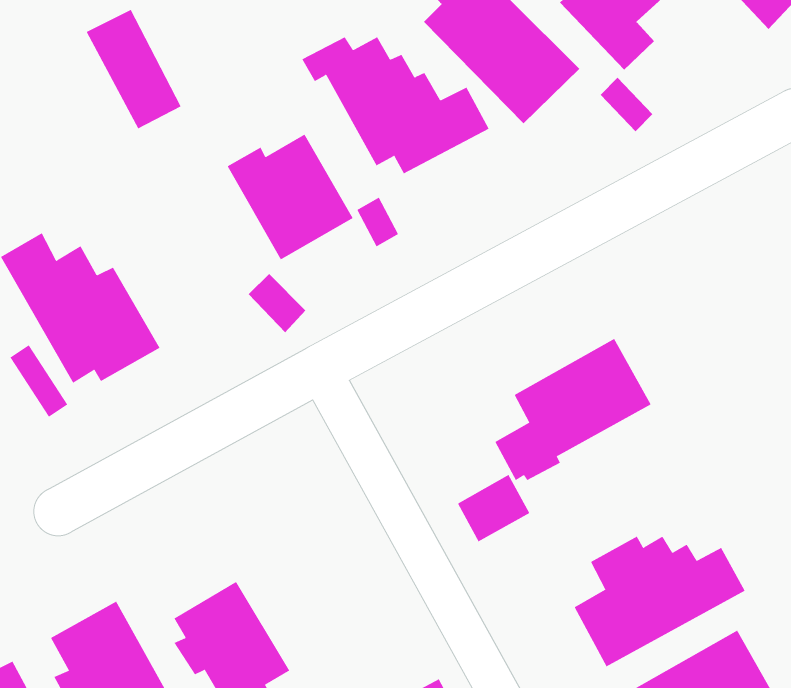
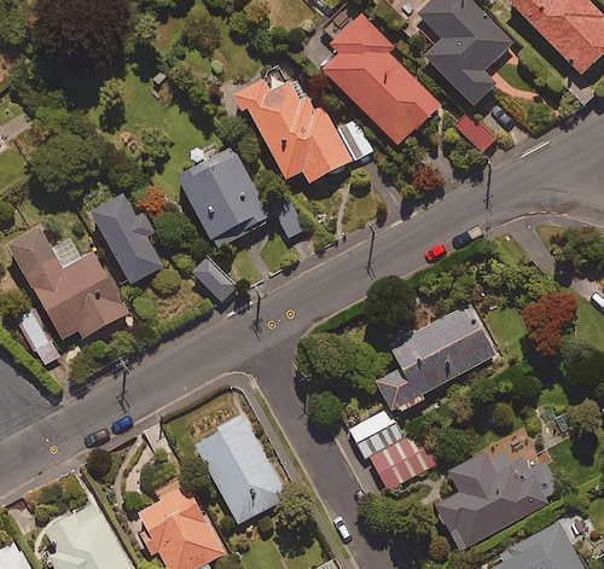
building: [86,9,182,129] -> [91,193,162,283]
building: none -> [193,417,286,523]
building: none -> [368,430,435,488]

